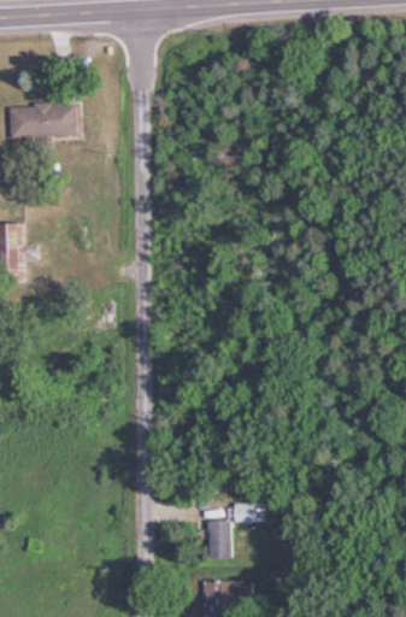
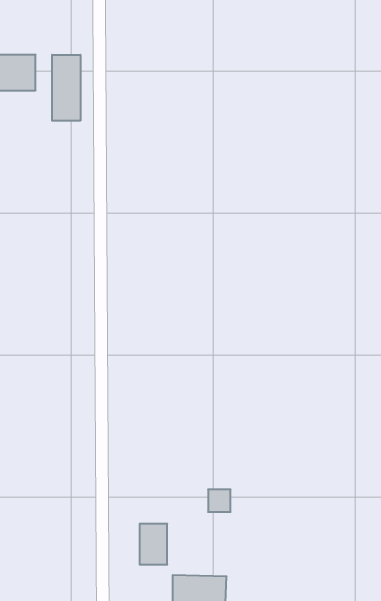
building: none -> [52,55,80,121]
building: [204,521,229,558] -> [140,524,167,565]

